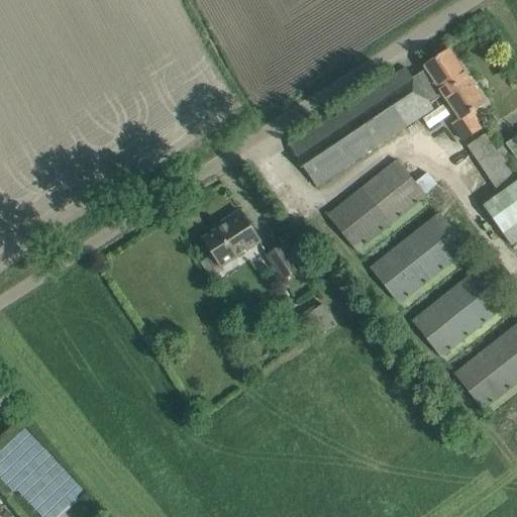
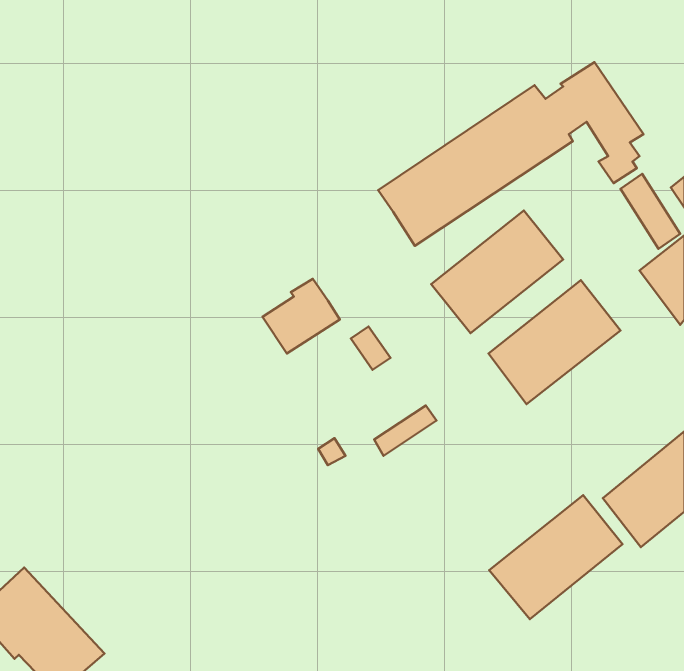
building: [411,265,510,356] -> [489,495,623,619]

